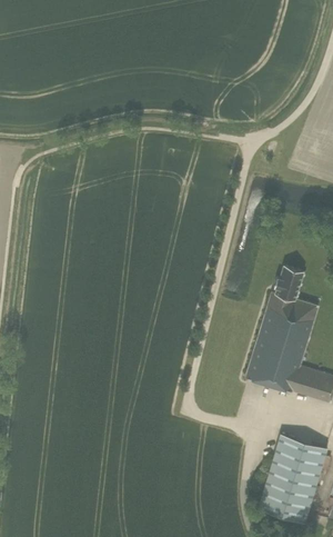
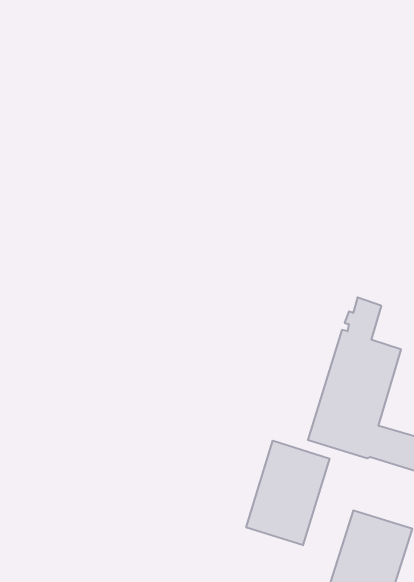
building: none -> [246,441,330,545]

